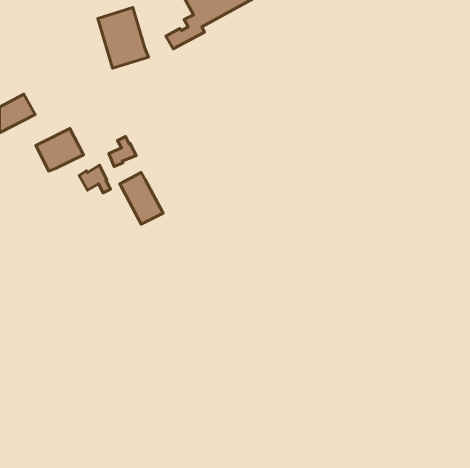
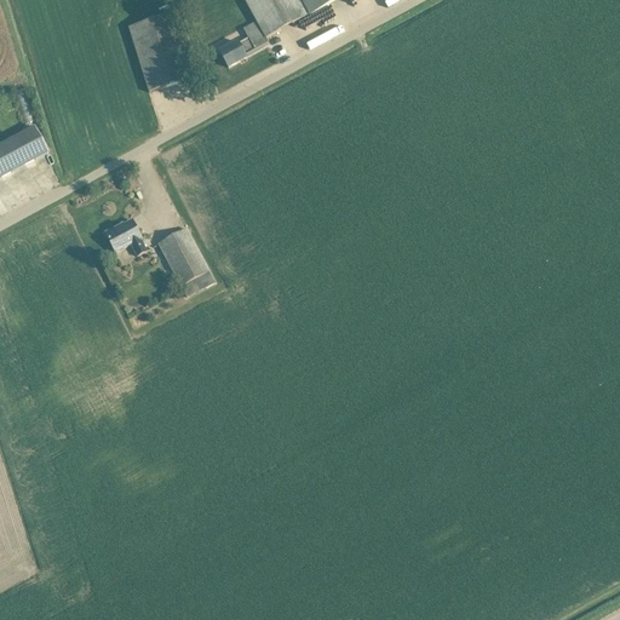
building: [36,129,83,171] -> none
building: [109,136,136,166] -> none

